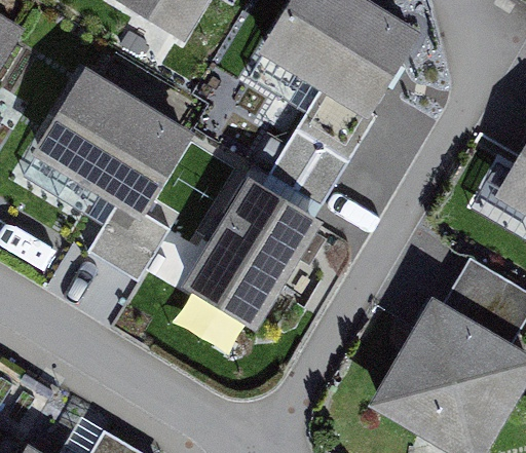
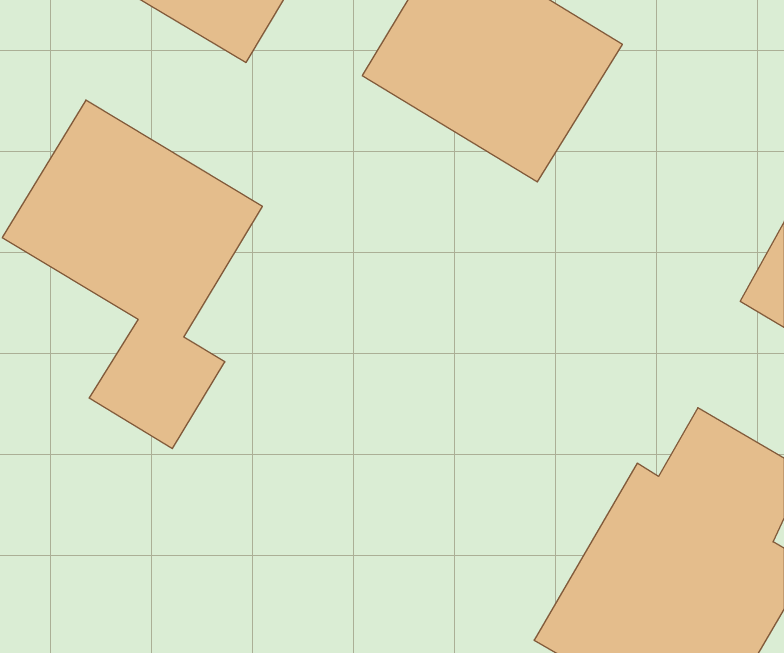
building: [268,88,375,205] -> none
building: [180,174,324,331] -> none

